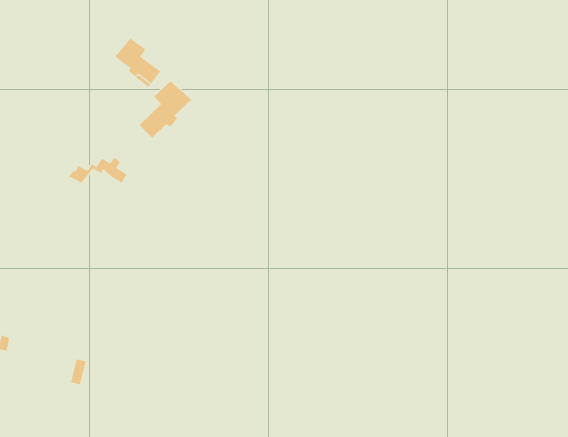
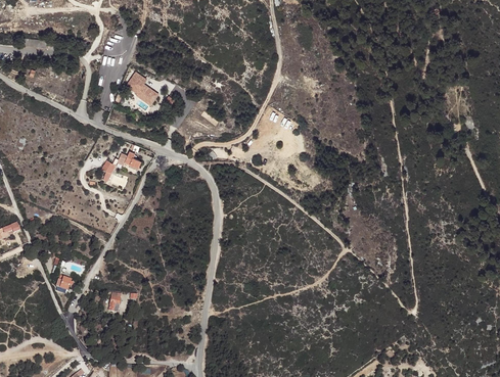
building: [139,80,192,139] -> none

